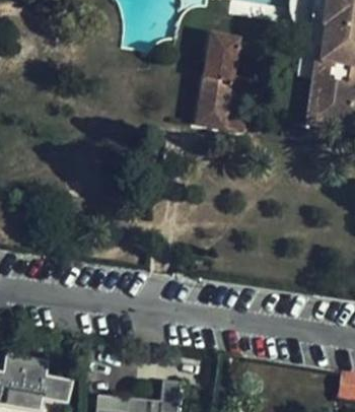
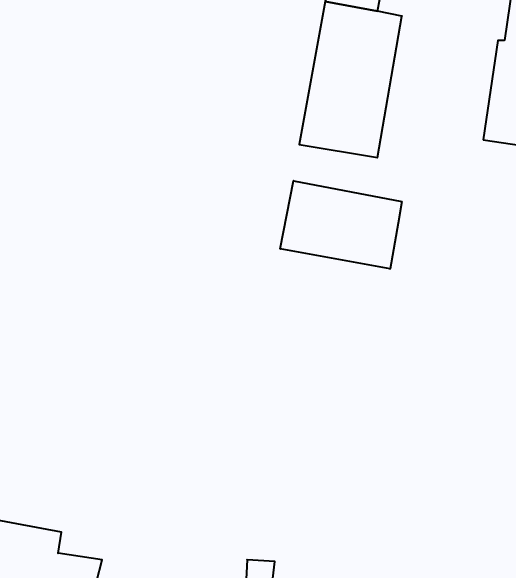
building: none -> [280,181,402,269]

